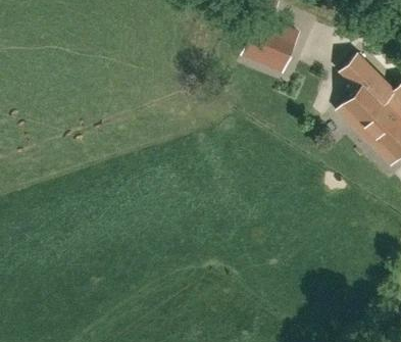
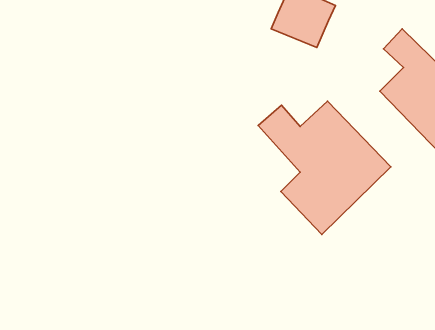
building: none -> [258,101,391,234]

